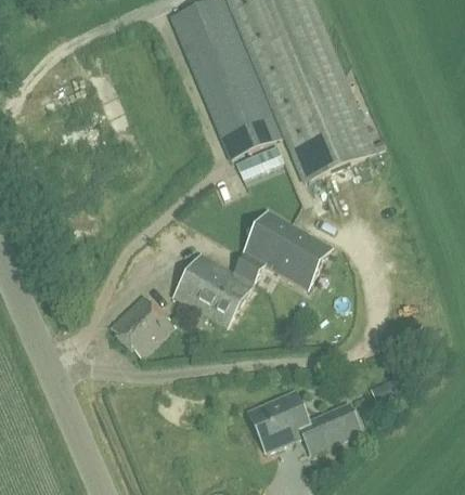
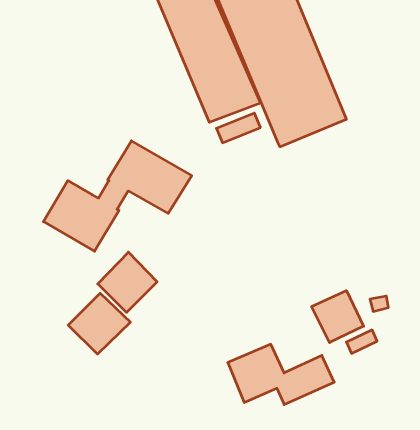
building: [173,209,331,326] -> [43,141,192,251]
building: none -> [312,291,364,343]
building: none -> [68,293,130,354]

